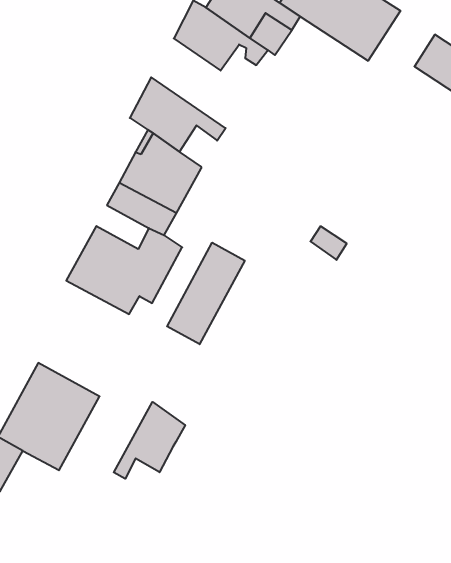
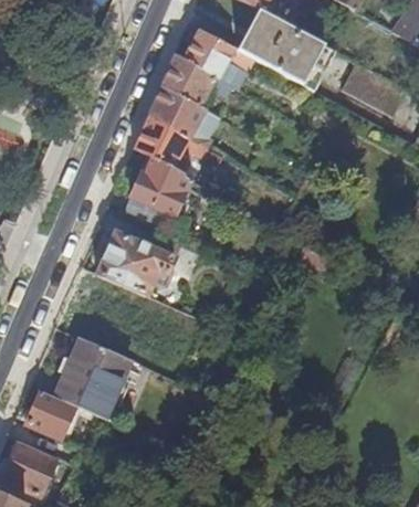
building: none -> [147,83,220,147]
building: [167,243,245,344] -> none
building: [114,402,185,479] -> none

